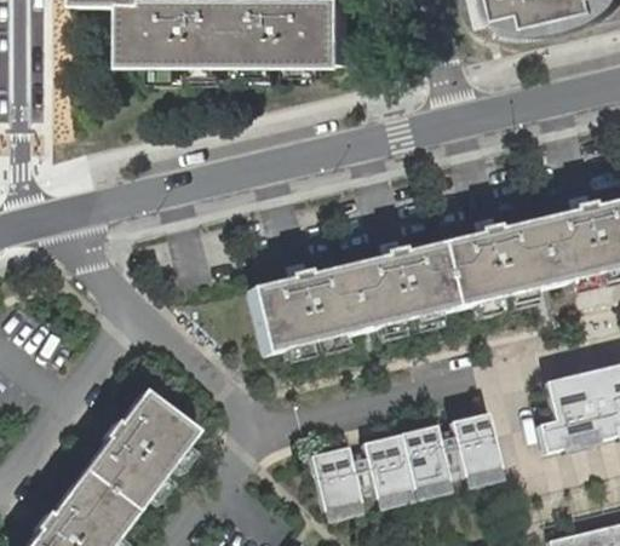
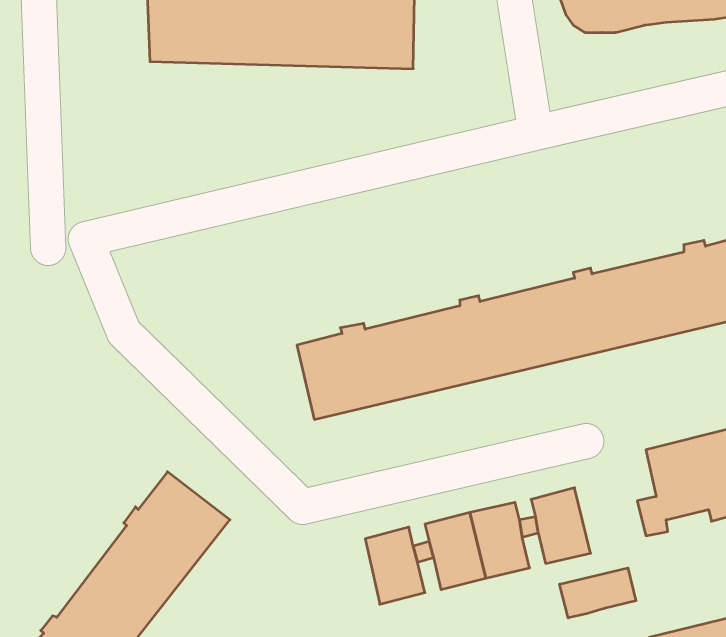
building: none -> [560,568,636,618]

